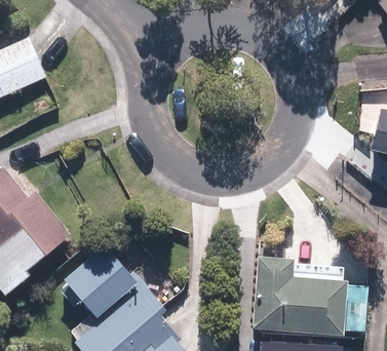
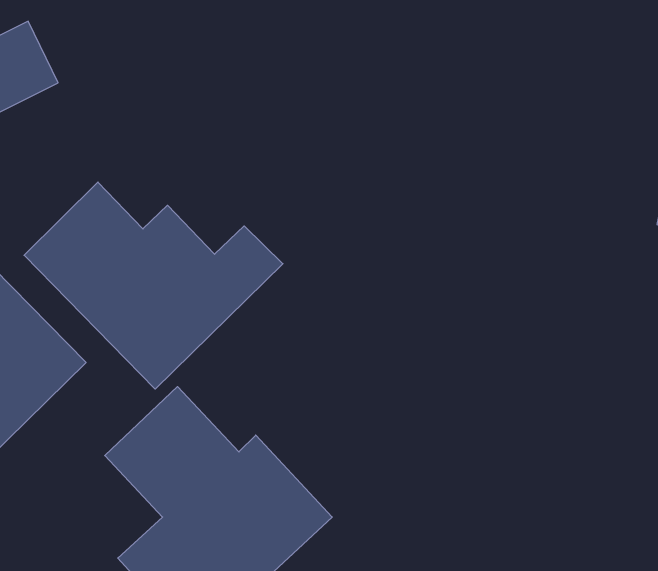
building: none -> [24,182,283,389]
building: [256,256,369,333] -> none

